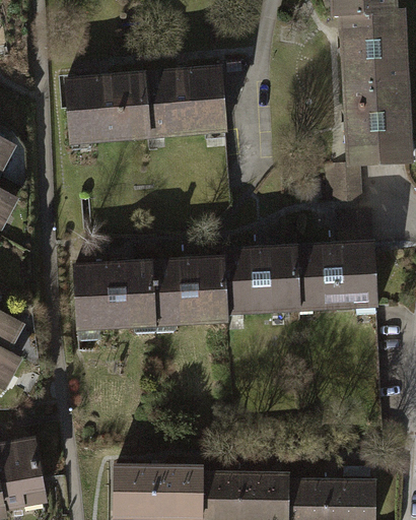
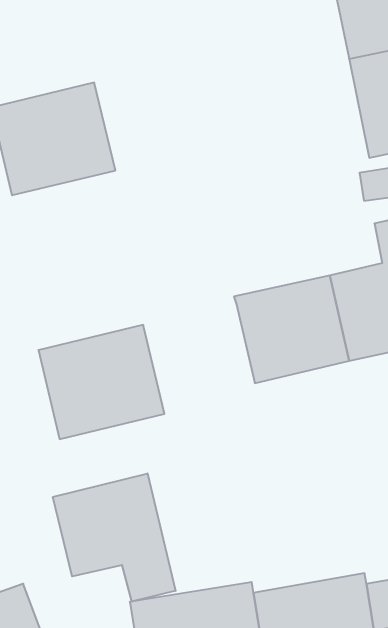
building: [146,67,229,141] -> none
building: [153,256,229,329] -> none
building: none -> [53,473,176,602]

